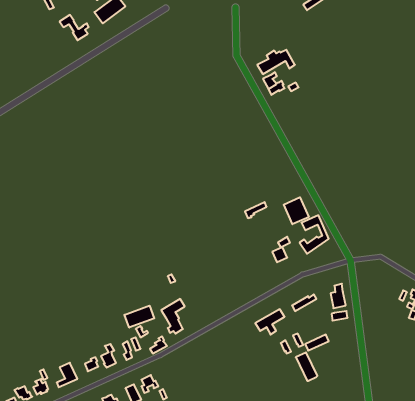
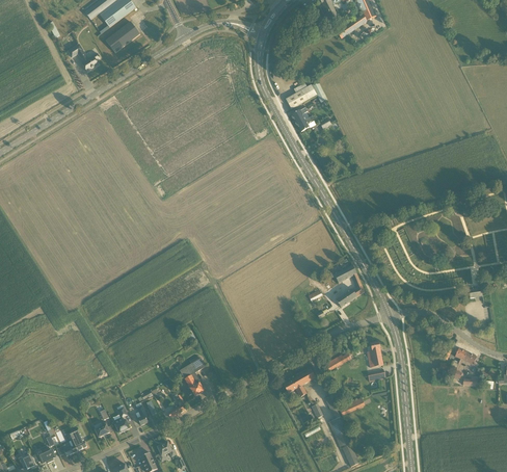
building: [284,197,309,224] -> none
building: [124,306,154,328] -> none

